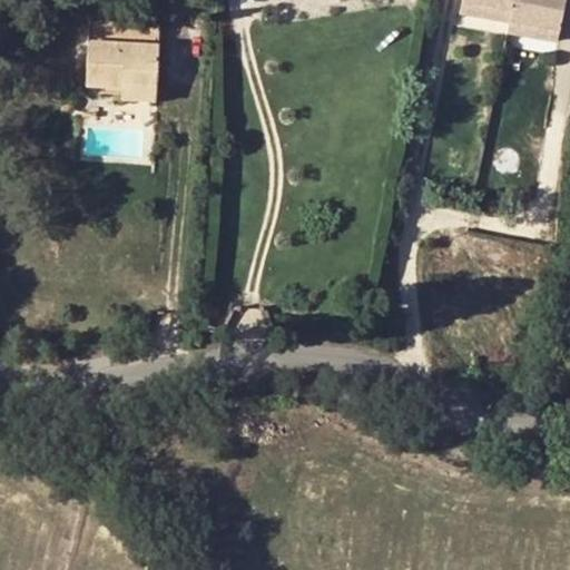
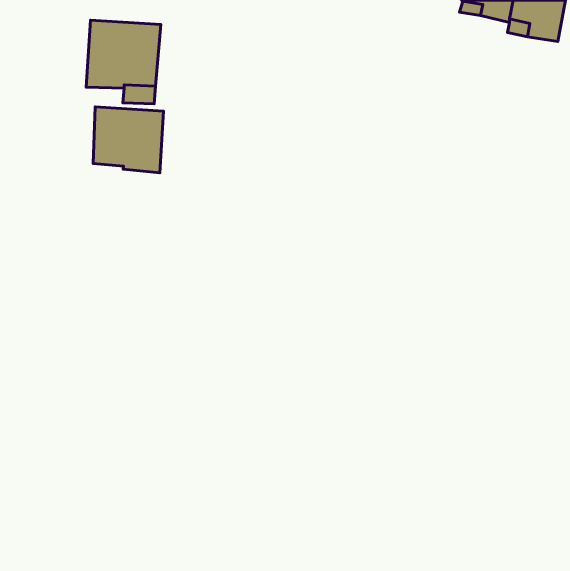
building: none -> [93,107,163,173]

